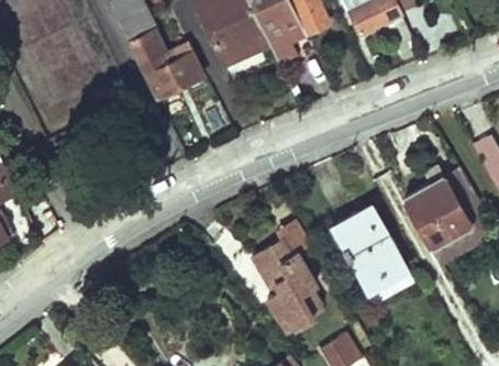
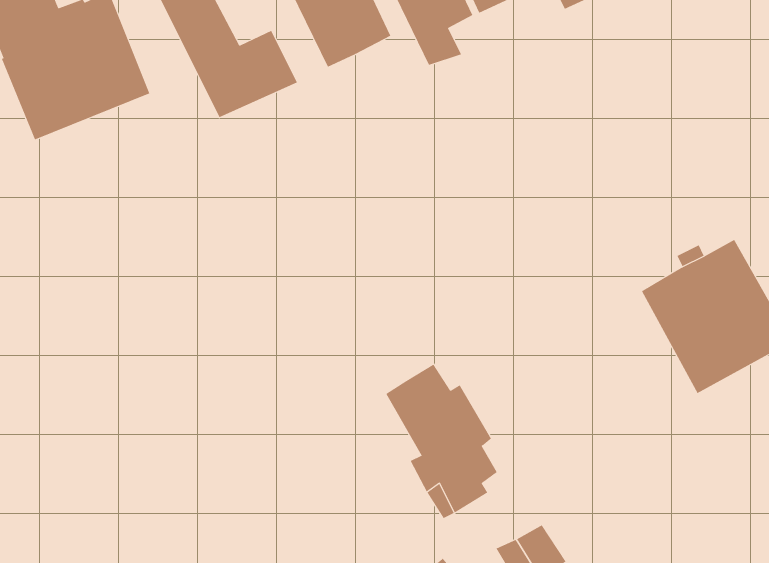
building: [334,206,407,289] -> none

